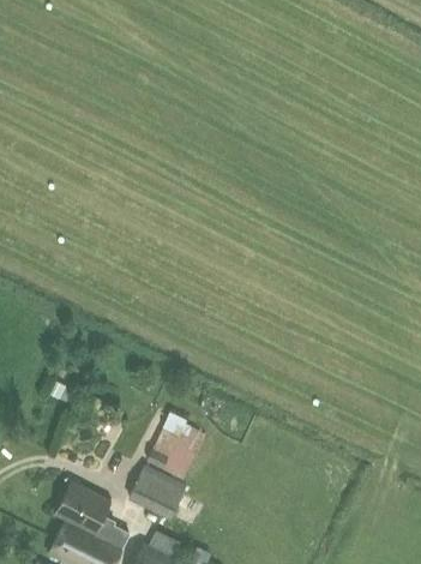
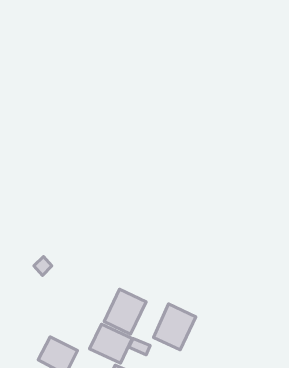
building: none -> [153,304,196,350]

